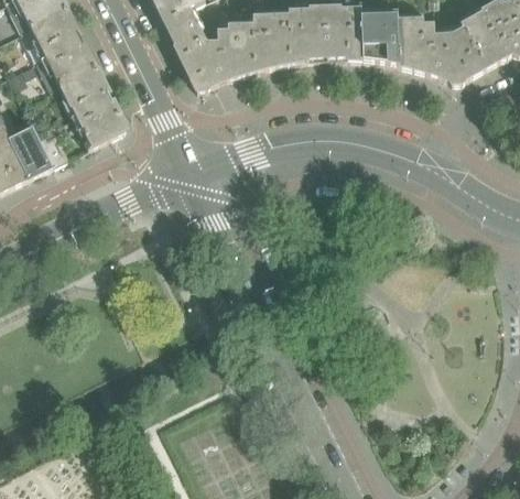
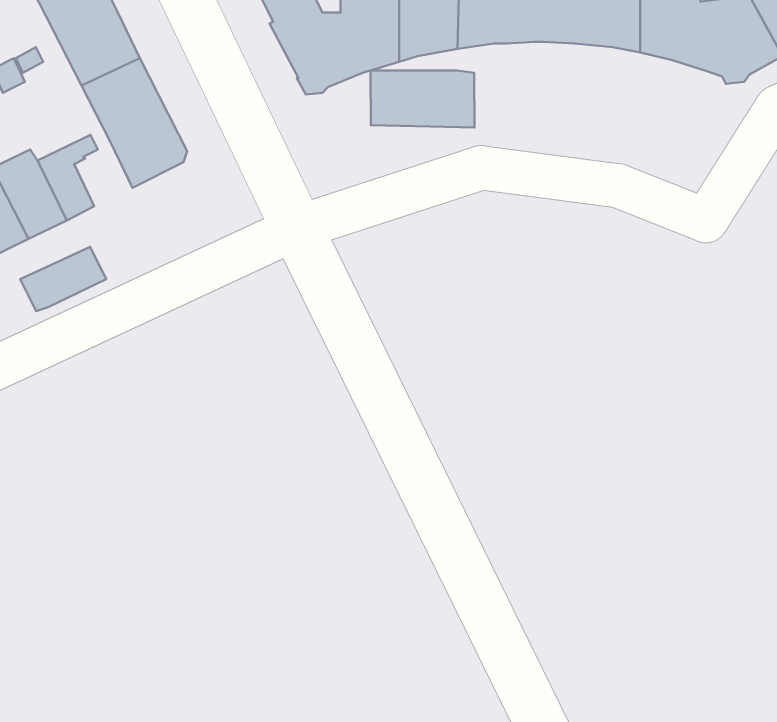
building: none -> [370,70,475,128]
building: none -> [20,247,106,311]

